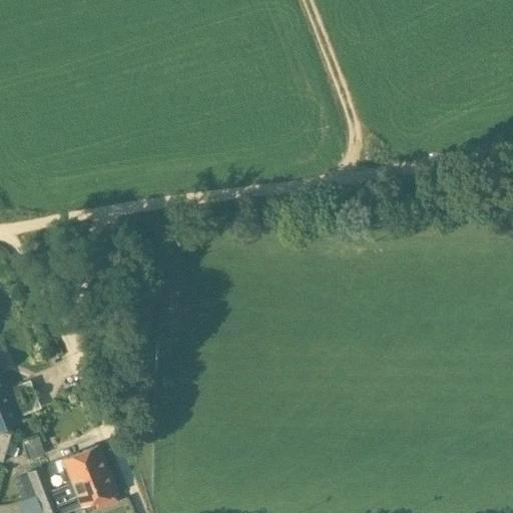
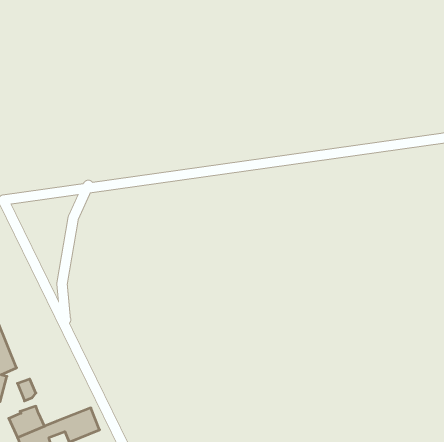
building: [60,450,104,488] -> none

